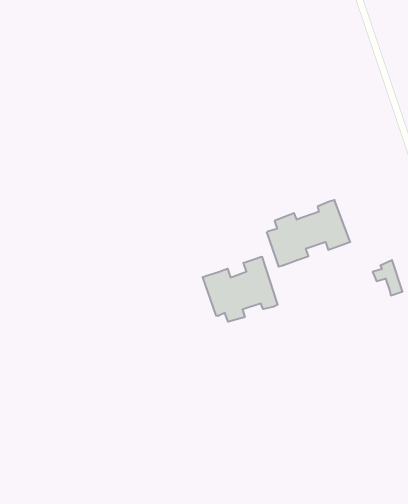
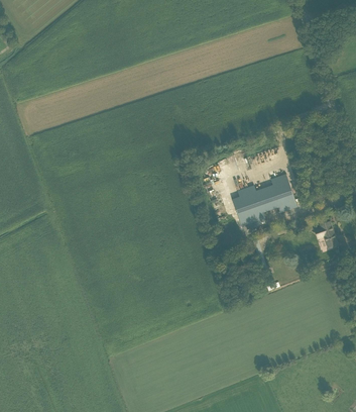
building: [203,257,278,322] -> none

